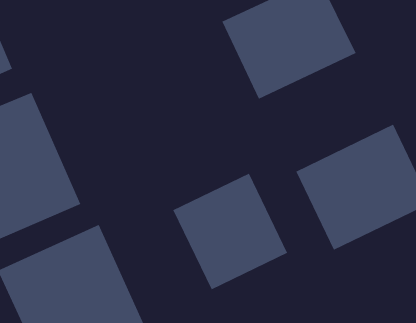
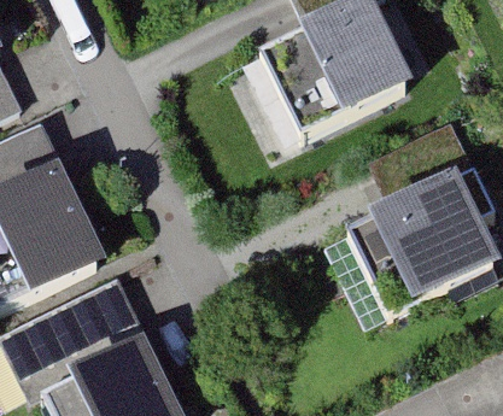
building: [173,173,288,290] -> none

